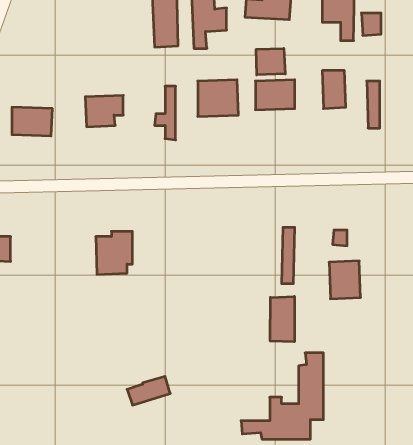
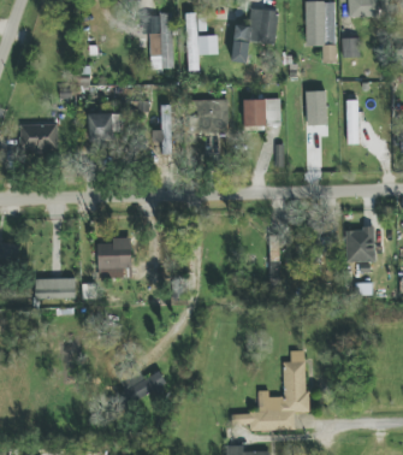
building: [256,48,285,75] -> none
building: [329,261,361,299] -> [346,228,375,262]
building: none -> [35,278,76,300]
building: [270,296,294,342] -> none

